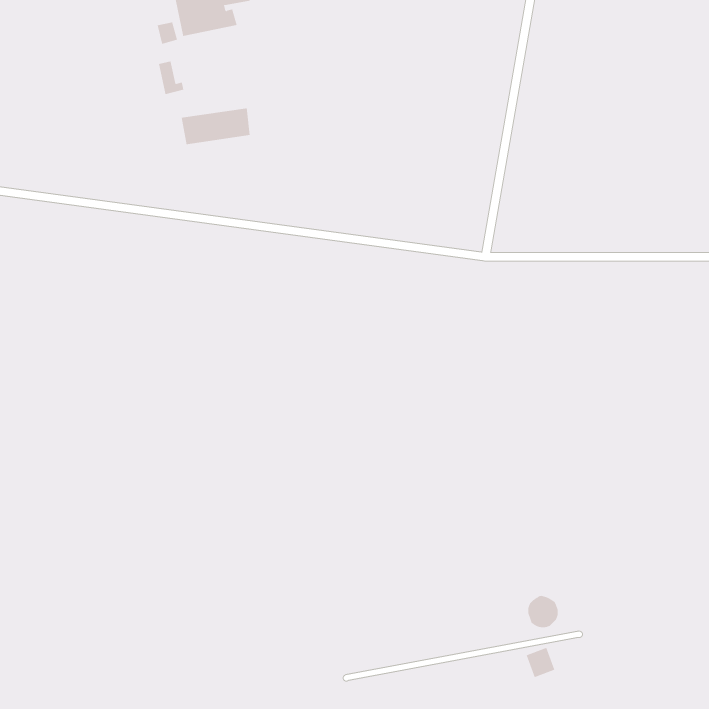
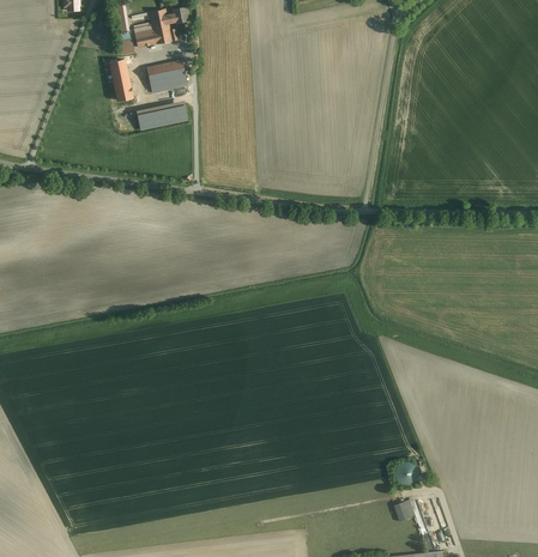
building: none -> [146,56,185,89]

